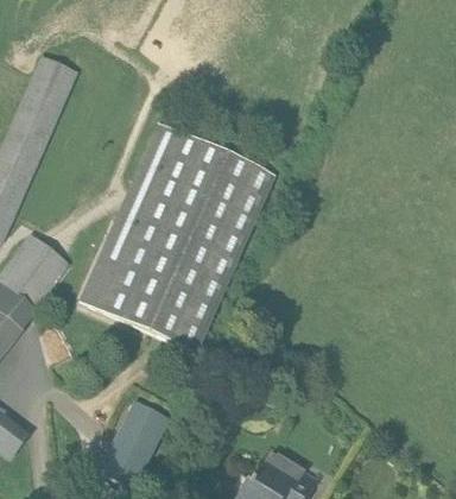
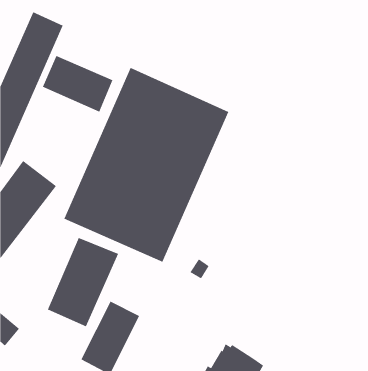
building: none -> [42,55,113,112]
building: none -> [47,237,119,327]

